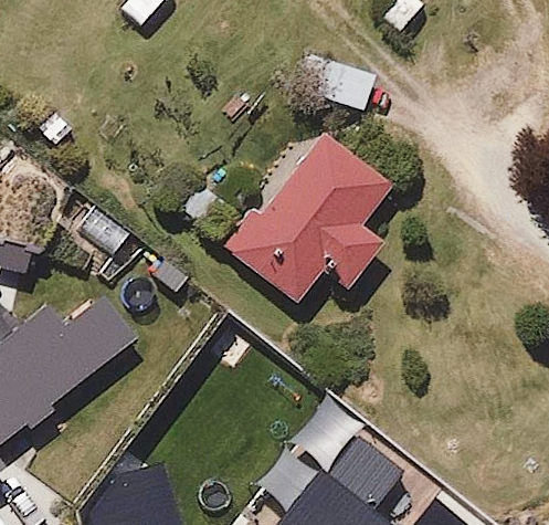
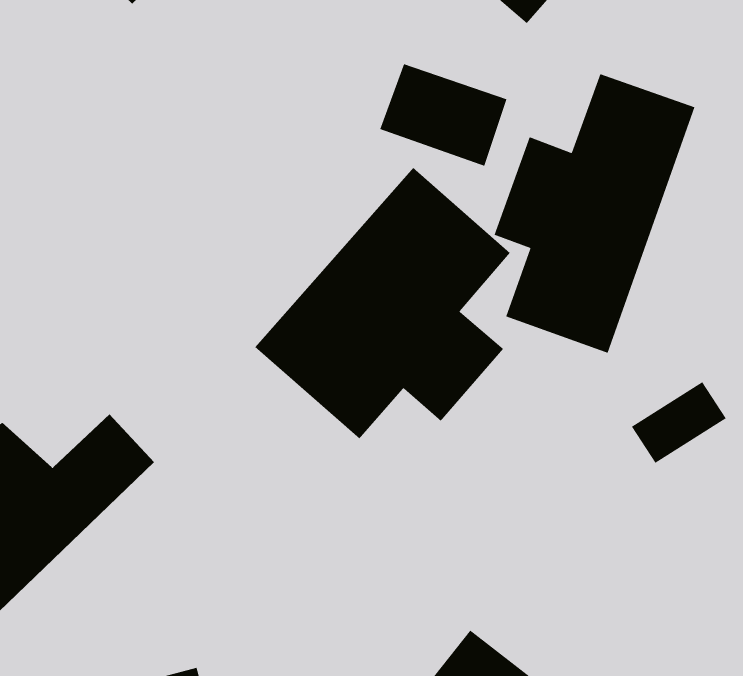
building: none -> [493,73,695,354]

